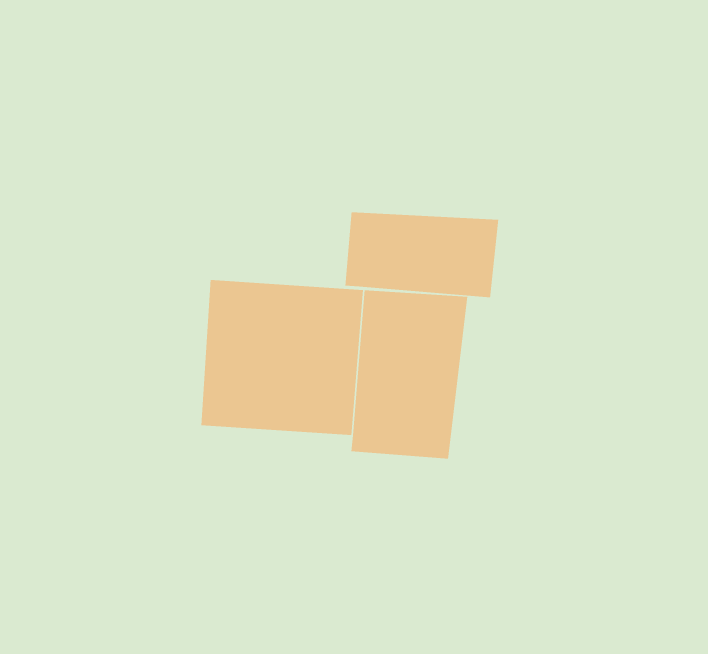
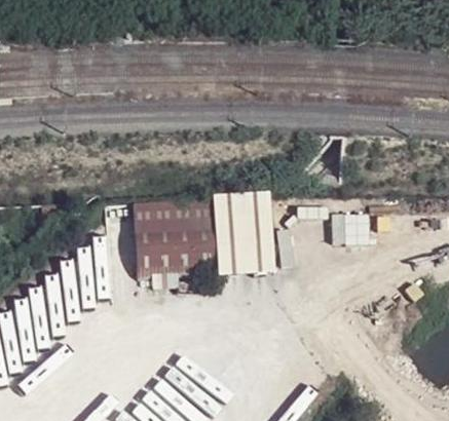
building: [345,212,499,298] -> none

